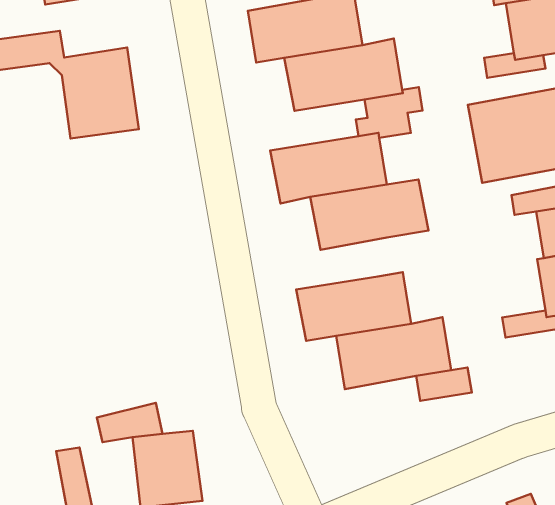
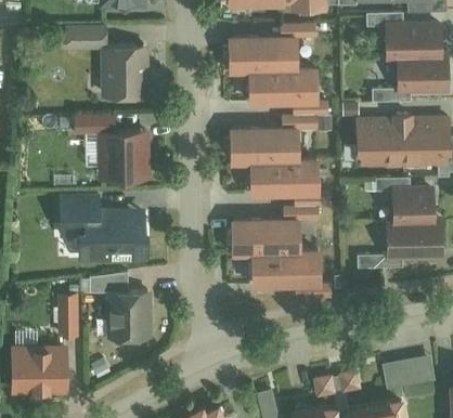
building: none -> [68,114,147,182]
building: none -> [283,193,329,222]
building: none -> [59,195,146,261]

